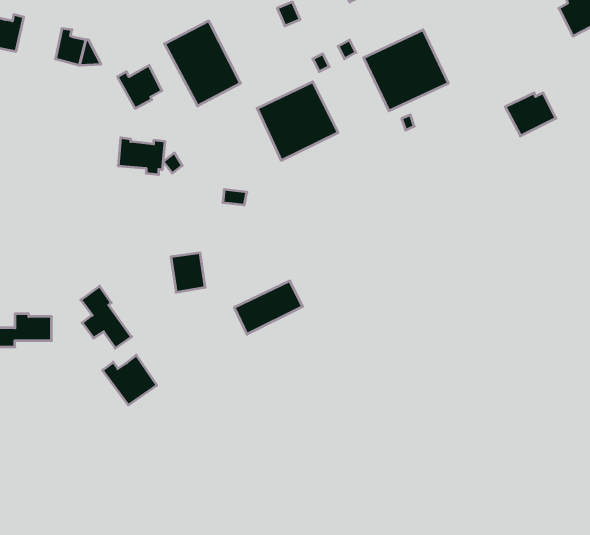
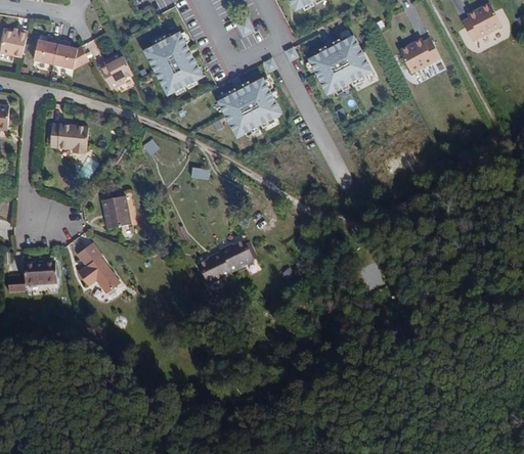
building: none -> [36,34,60,60]
building: [505,93,556,136] -> [399,37,440,72]
building: [118,138,165,175] -> [49,123,87,152]
building: [171,253,205,292] -> [102,195,130,227]
building: [103,355,157,405] -> none

